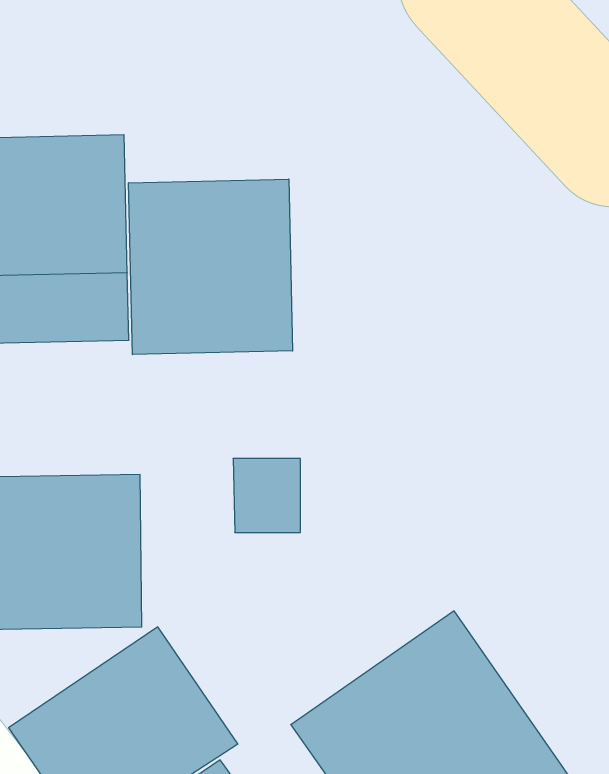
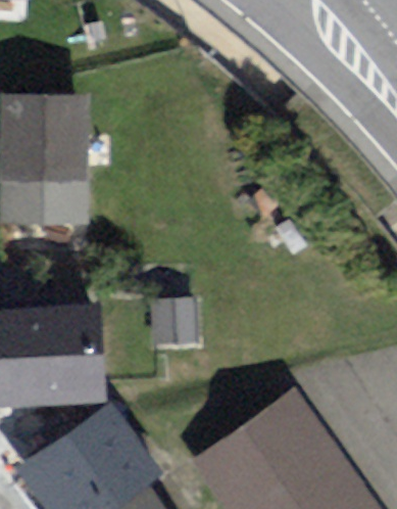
building: [129,179,293,355] -> none

